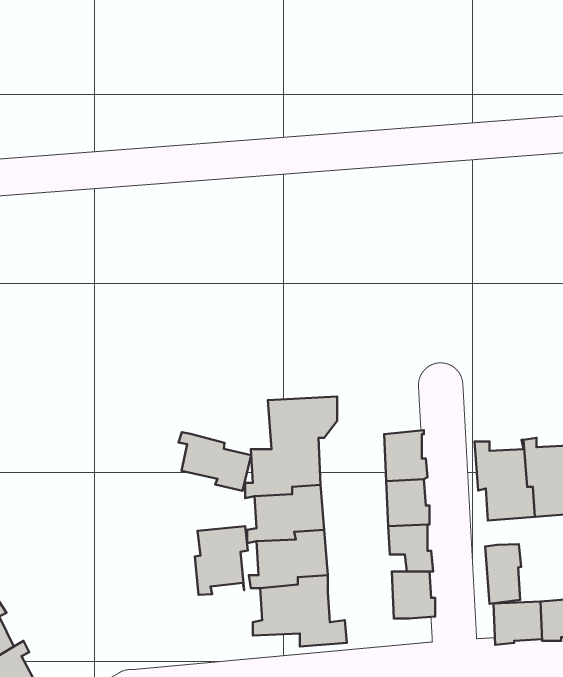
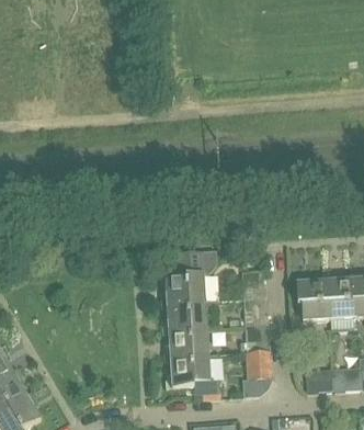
building: [179,432,251,491] -> none
building: [195,526,248,595] -> none
building: [485,544,521,604] -> none

